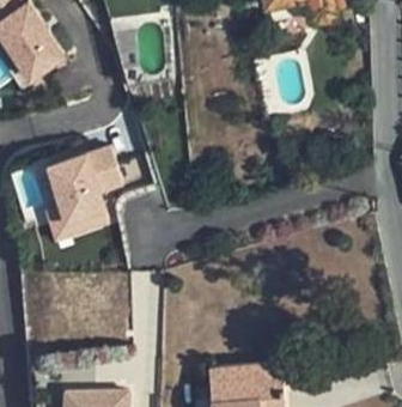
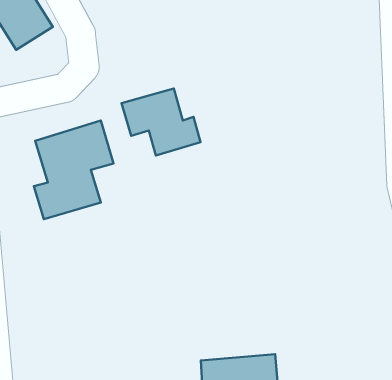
building: none -> [122,89,201,155]

